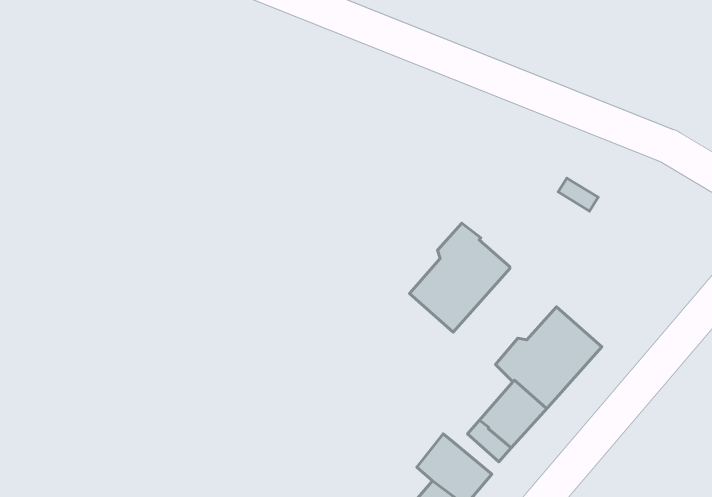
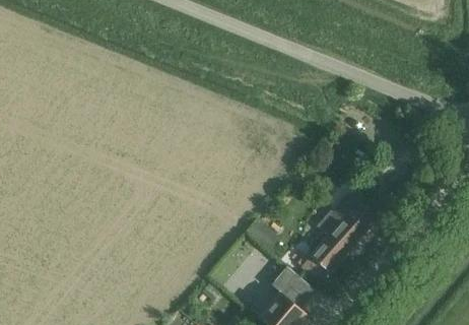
building: [409,223,510,332] -> none

